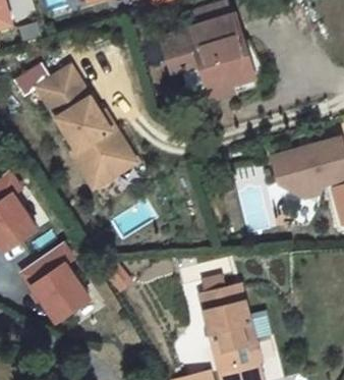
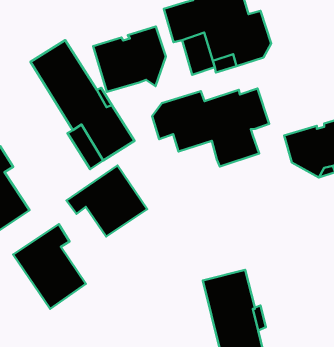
building: none -> [93,27,166,92]
building: none -> [152,89,269,167]
building: none -> [67,166,147,236]

